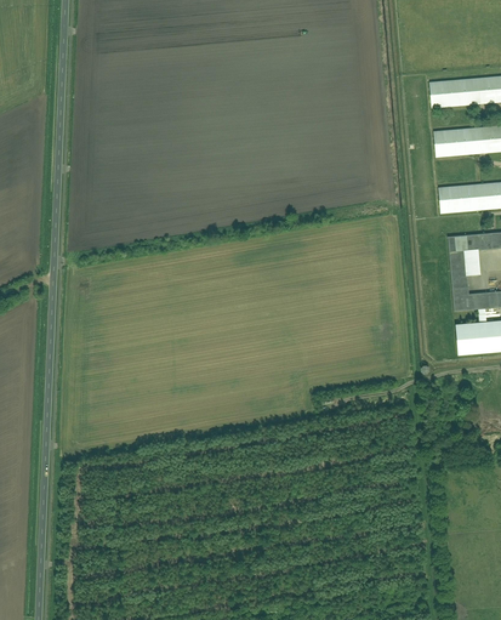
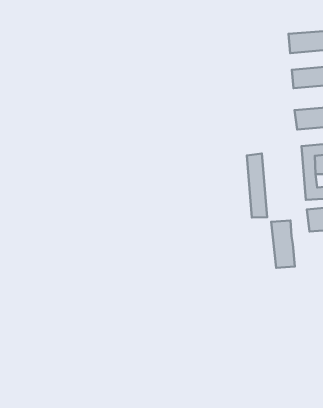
building: none -> [247,153,267,217]
building: none -> [271,220,295,268]

